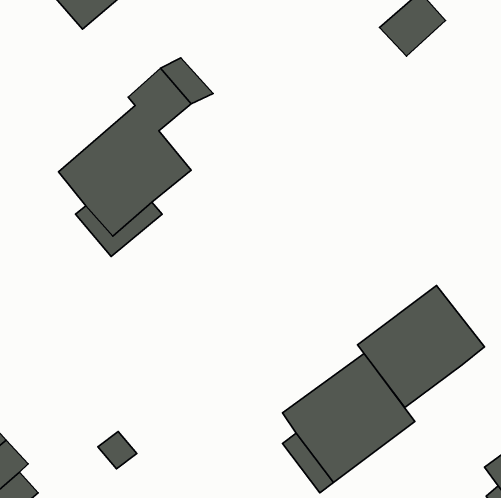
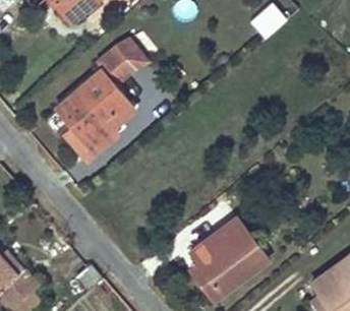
building: [358,286,484,408] -> none

